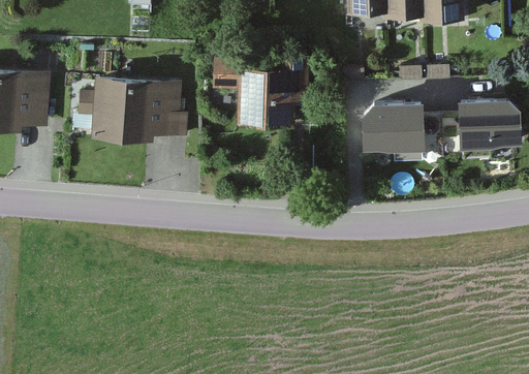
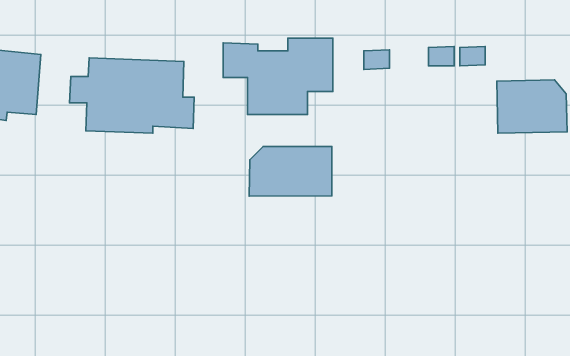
building: [361,99,423,147] -> none
building: none -> [249,147,332,196]

